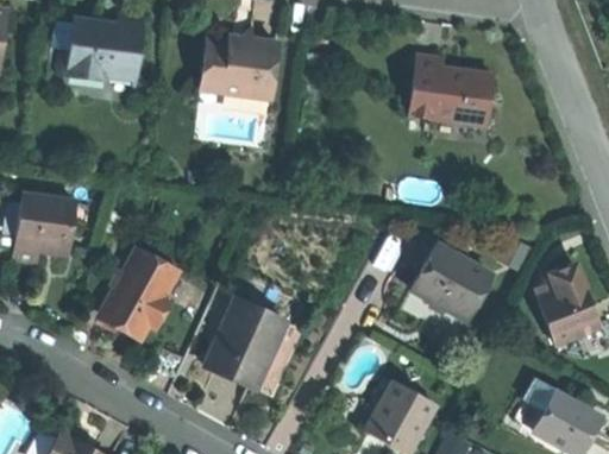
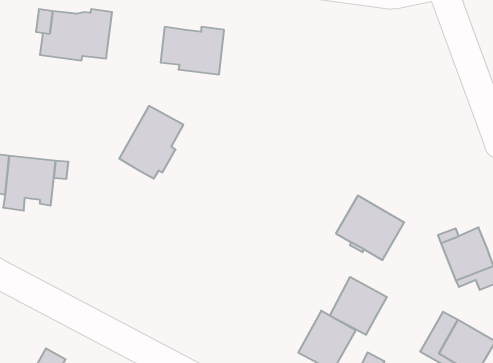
building: [410,56,495,125] -> none
building: [101,247,178,334] -> [119,106,183,178]
building: [203,297,287,389] -> none
building: none -> [330,277,387,335]

